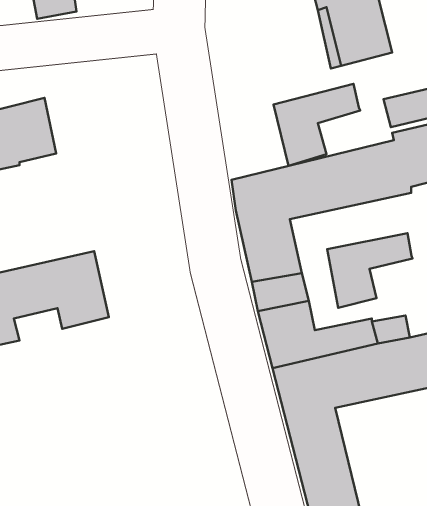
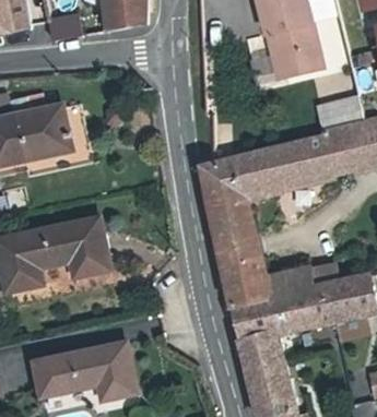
building: [274,84,360,166] -> none
building: [327,233,413,308] -> none
building: none -> [33,342,137,401]

